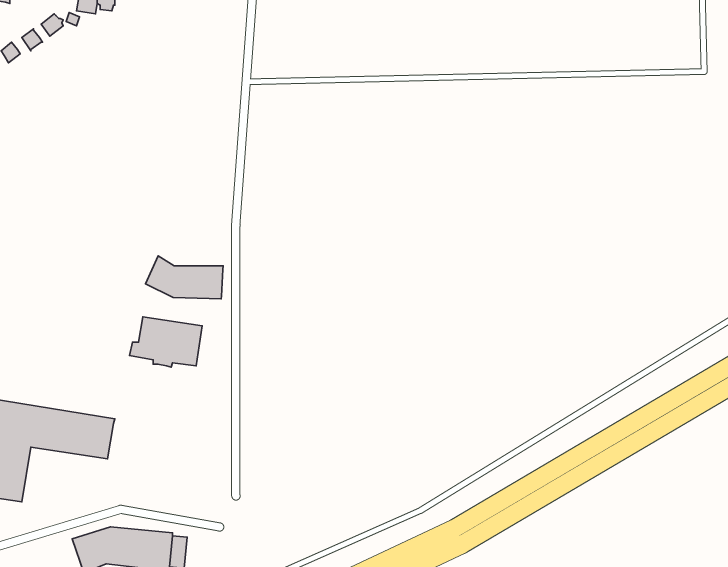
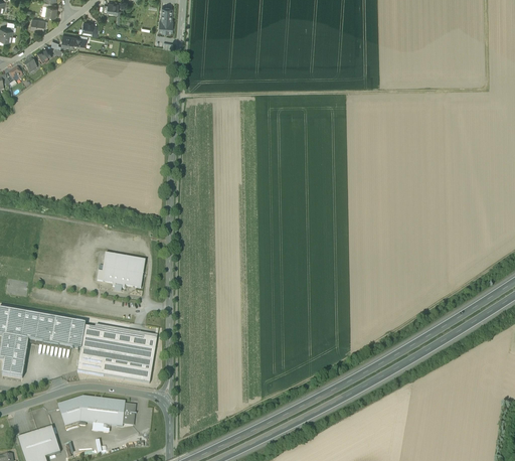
building: [145,256,223,299] -> none
building: none -> [77,324,156,380]

